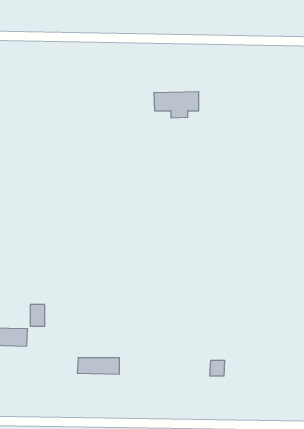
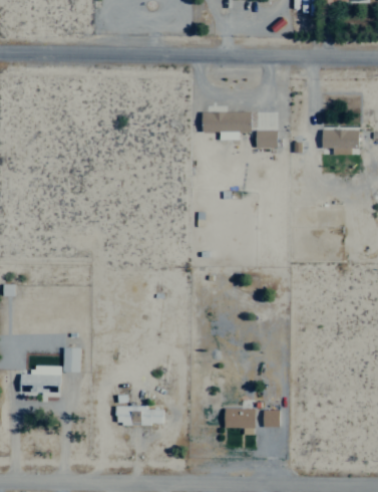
building: none -> [256,129,278,146]
building: none -> [323,129,359,154]
building: none -> [225,408,256,434]

